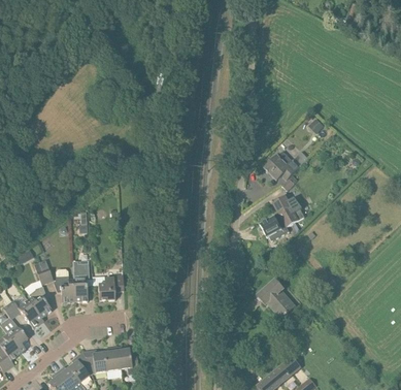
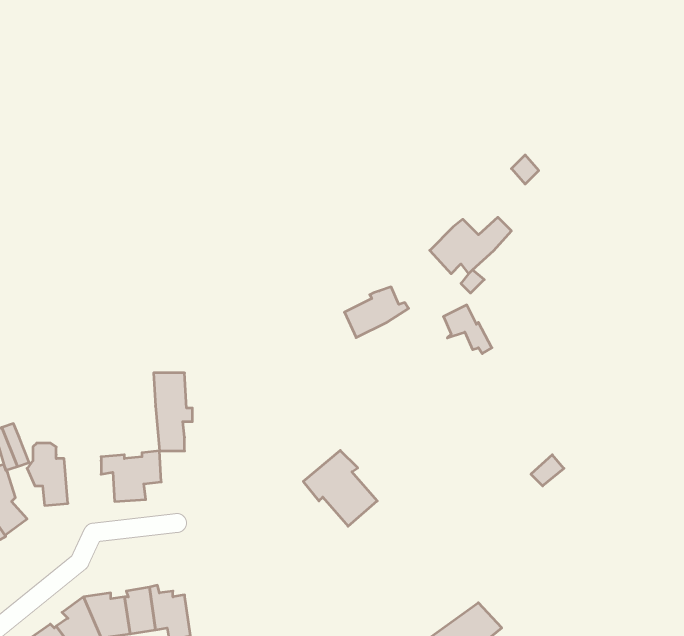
building: [259,212,293,238] -> [344,287,409,338]
building: [70,261,91,302] -> [154,373,192,451]
building: [256,280,295,320] -> [303,450,377,526]

